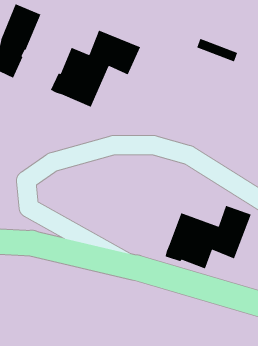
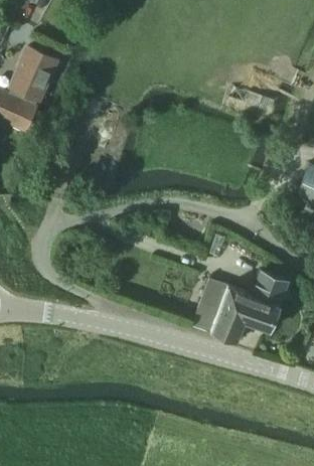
building: [50,30,141,108] -> none

